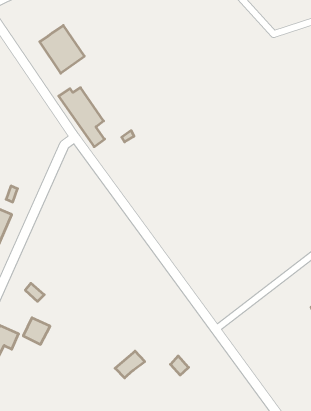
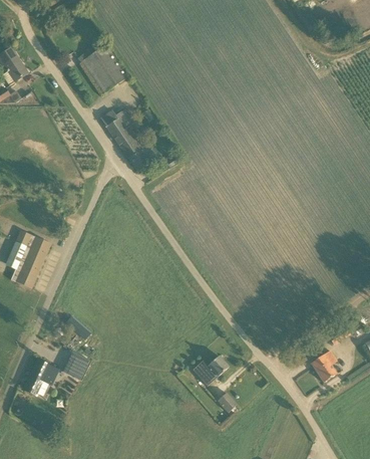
building: none -> [311,351,337,382]
building: [115,351,145,378] -> [198,356,229,384]

